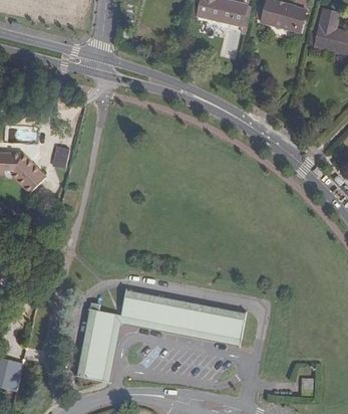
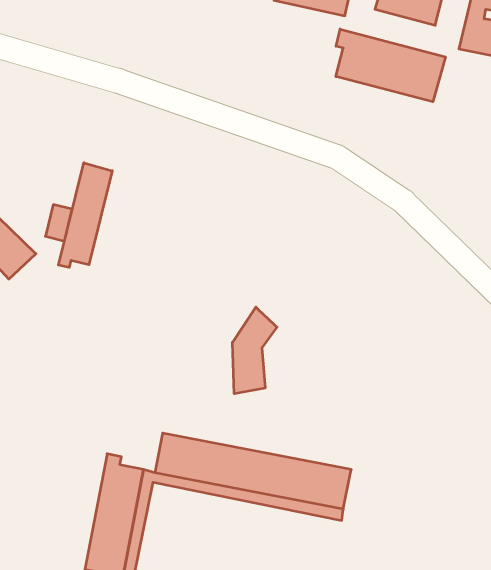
building: none -> [336,29,445,102]
building: none -> [58,163,112,267]
building: none -> [232,307,277,394]

